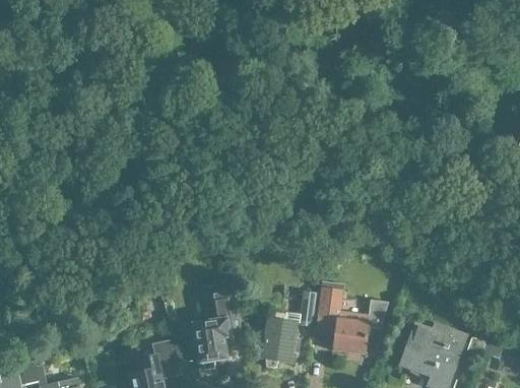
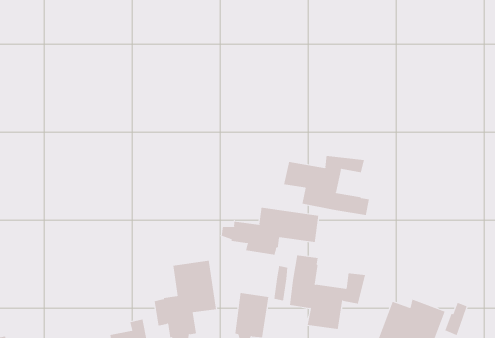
building: none -> [284,155,370,216]
building: none -> [221,207,319,255]

